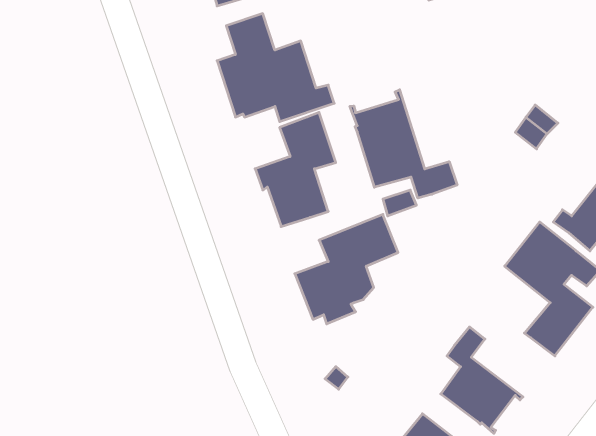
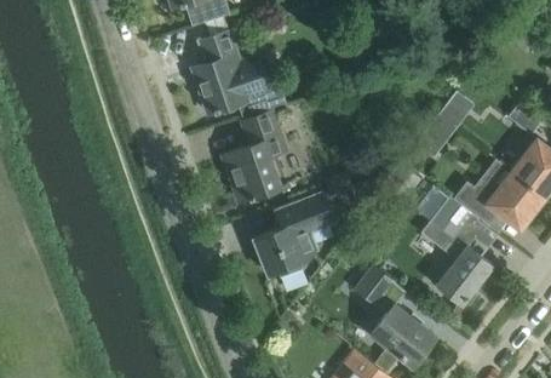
building: [350,90,457,198] -> none
building: none -> [356,265,394,304]

